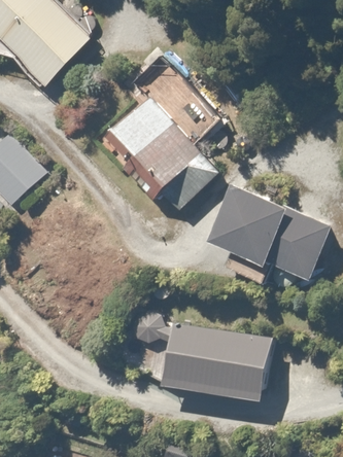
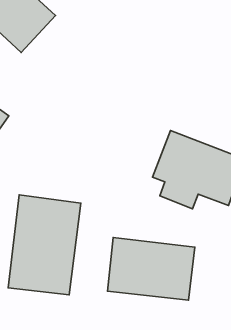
building: [102,83,224,209] -> none
building: none -> [8,195,81,295]

